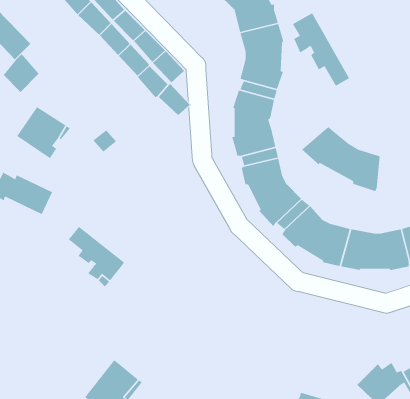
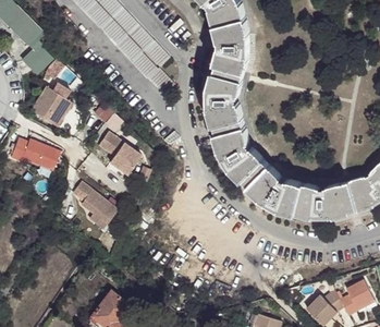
building: [292,12,350,87] -> none
building: [301,126,381,192] -> none
building: none -> [101,132,144,177]

